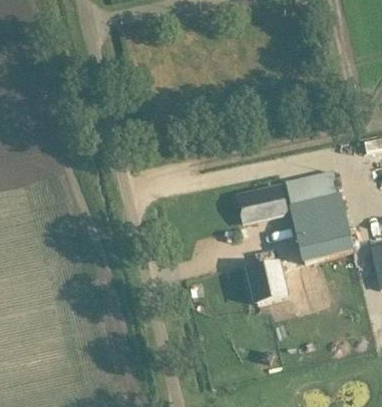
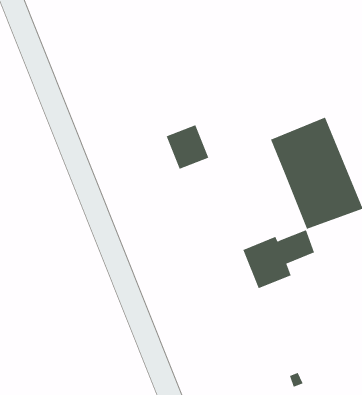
building: [239,187,272,223] -> [166,124,209,170]

